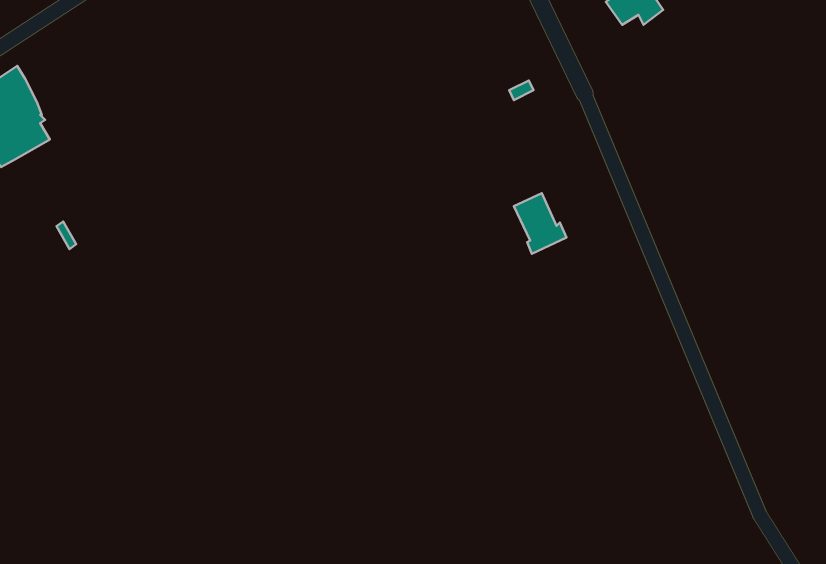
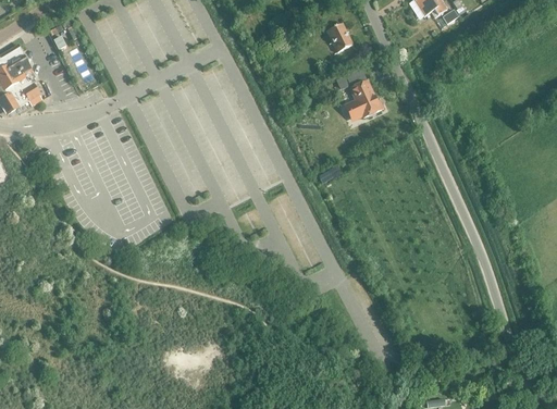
building: none -> [325,22,352,52]
building: [514,193,566,254] -> [348,78,383,119]

